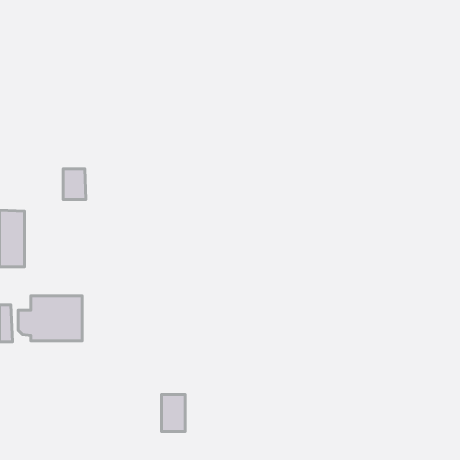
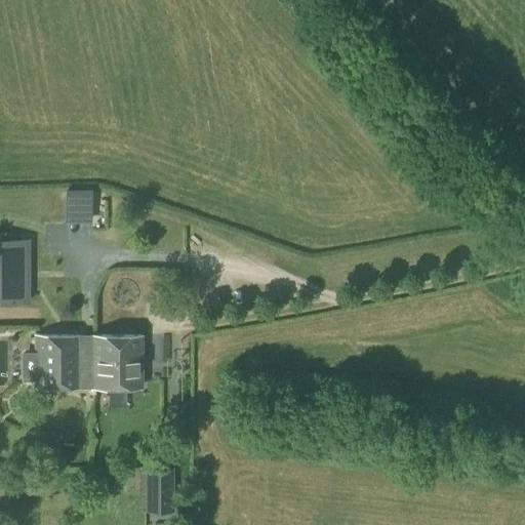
building: none -> [93,337,140,389]
building: [162,394,185,431] -> [144,470,170,512]

